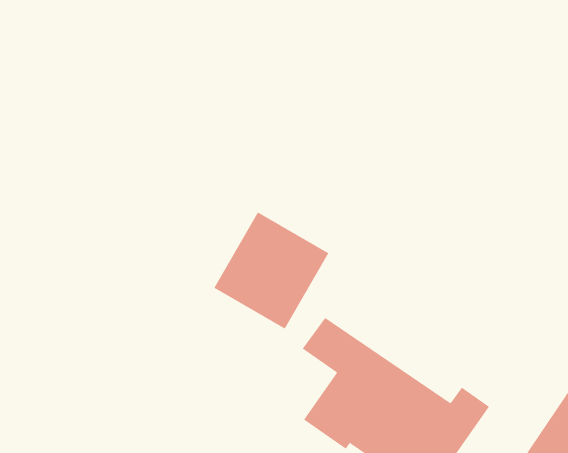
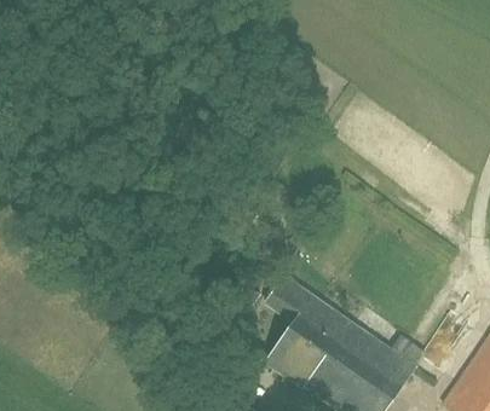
building: [214,212,329,329] -> none

